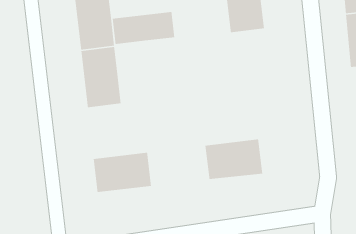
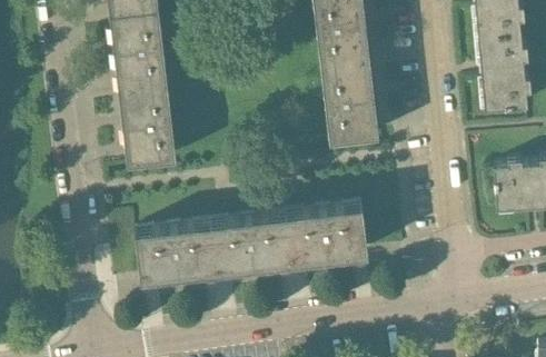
building: [112,11,175,45] -> none
building: none -> [322,59,378,143]
building: none -> [211,216,294,271]

